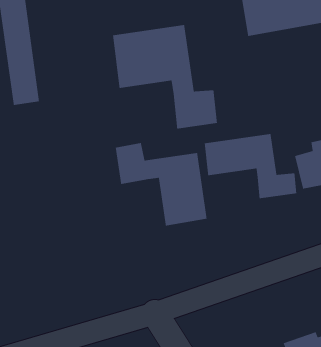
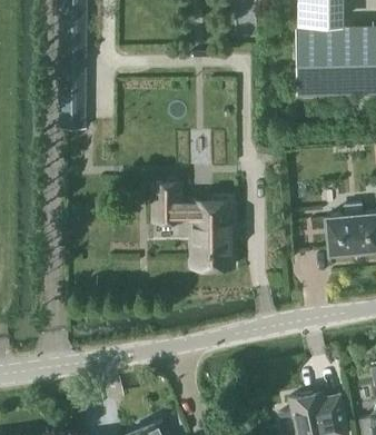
building: [112,24,218,129] -> none
building: [204,133,297,199] -> none

